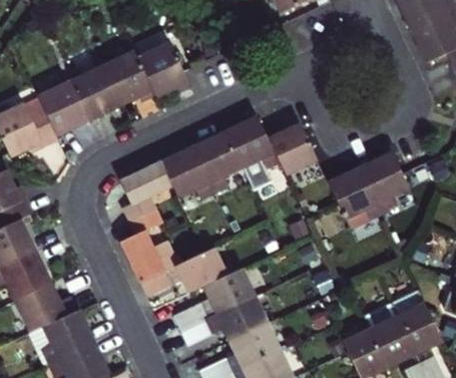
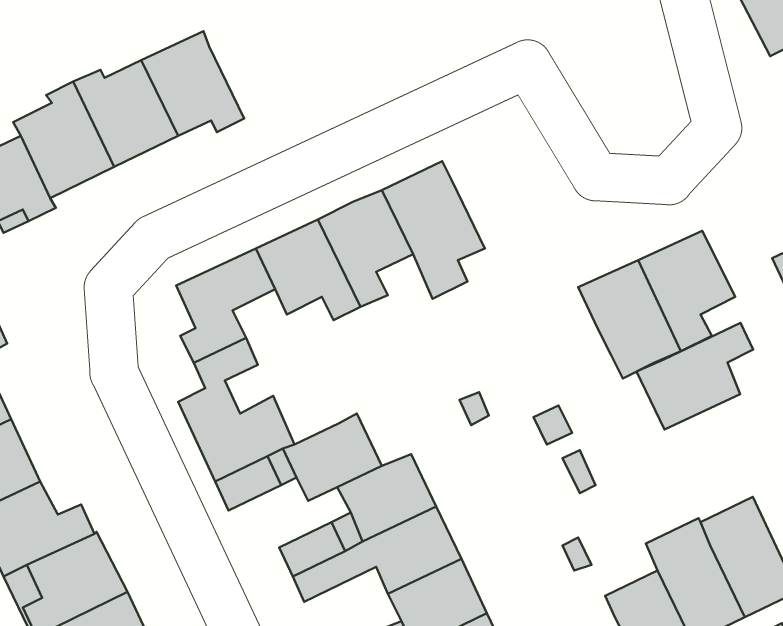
building: [137,42,190,97] -> none
building: [263,120,317,173] -> none
building: none -> [637,323,753,429]

